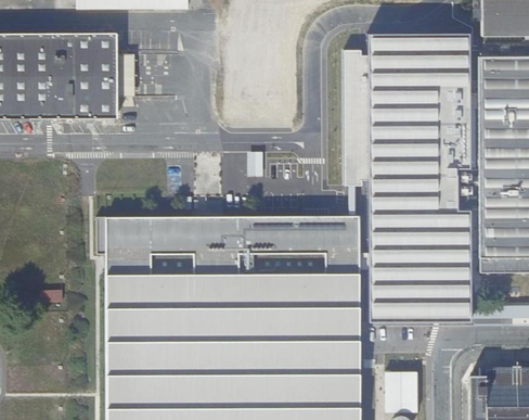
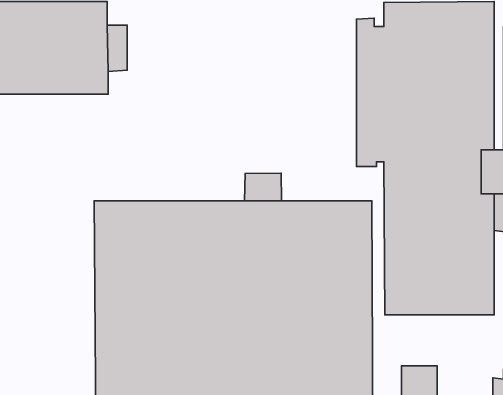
building: none -> [244,173,282,201]

